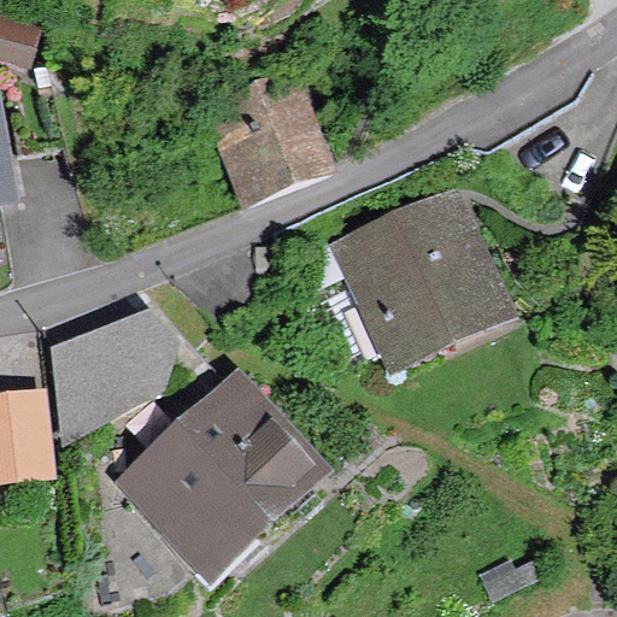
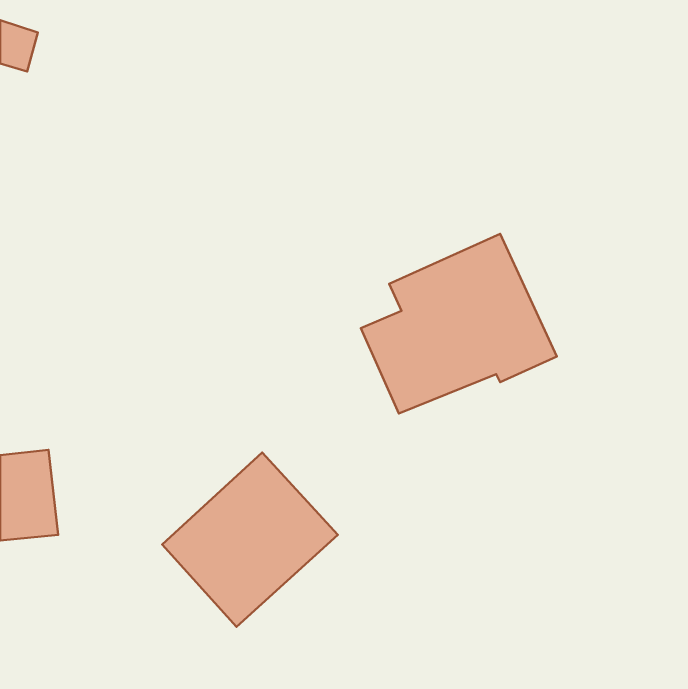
building: [215,96,327,202] -> none
building: [52,296,193,417] -> none

